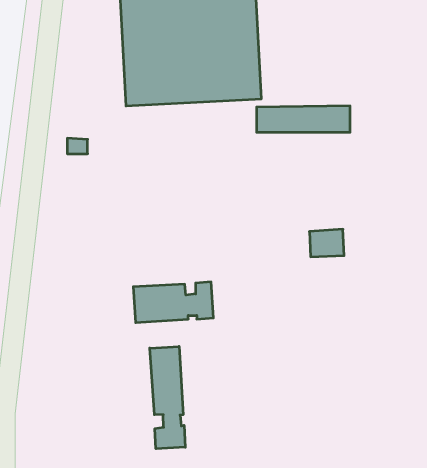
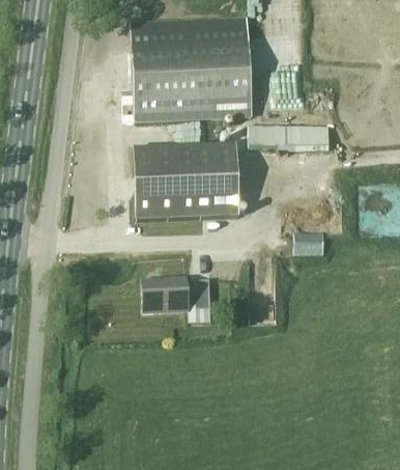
building: none -> [133,144,239,219]
building: [150,346,185,449] -> none

